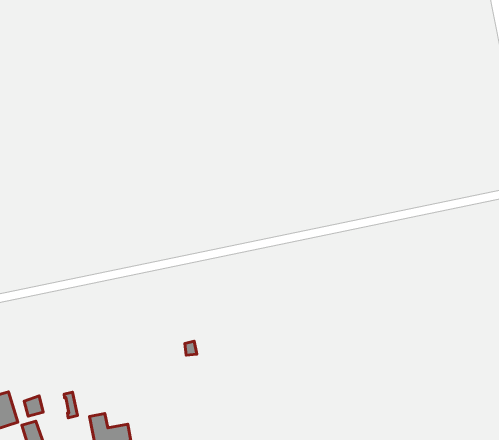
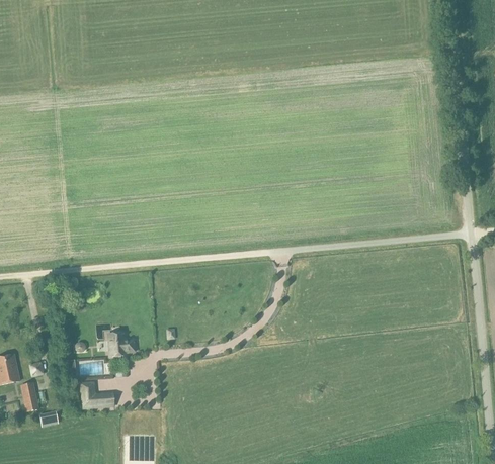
building: none -> [107,332,135,356]

